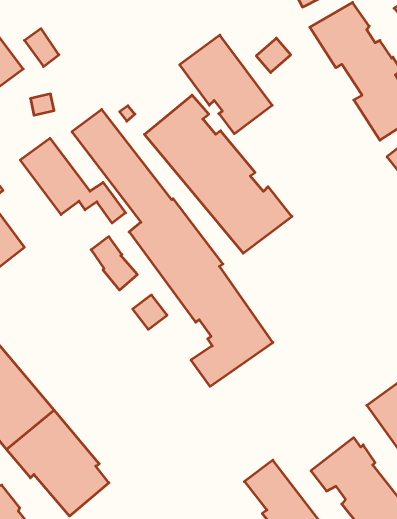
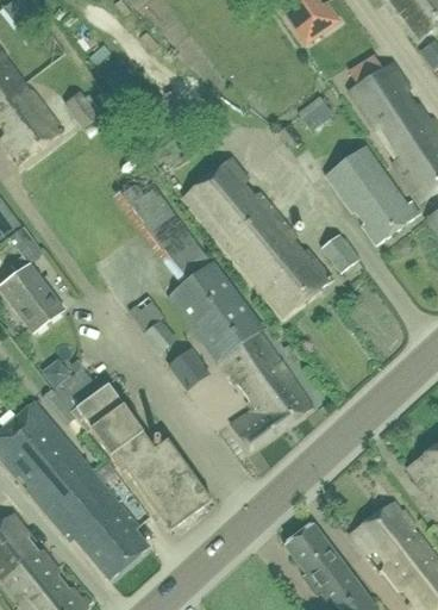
building: [180,35,272,134] -> [324,144,417,243]
building: [20,138,126,223] -> none
building: none -> [319,232,357,273]
building: none -> [51,366,211,529]

